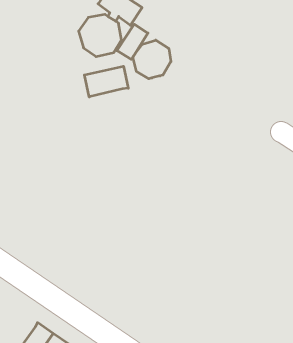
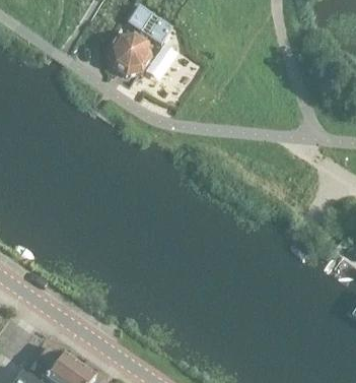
building: [133,40,171,79] -> none
building: [84,66,128,97] -> none

